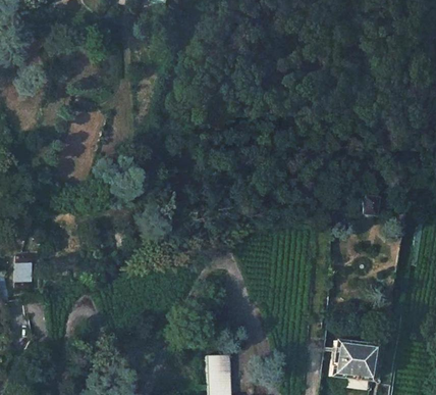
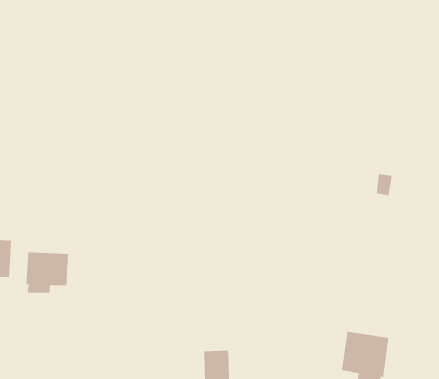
building: none -> [26,252,69,294]

